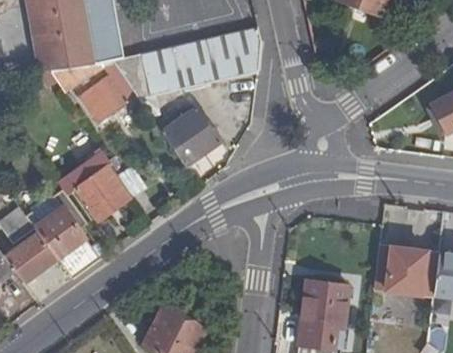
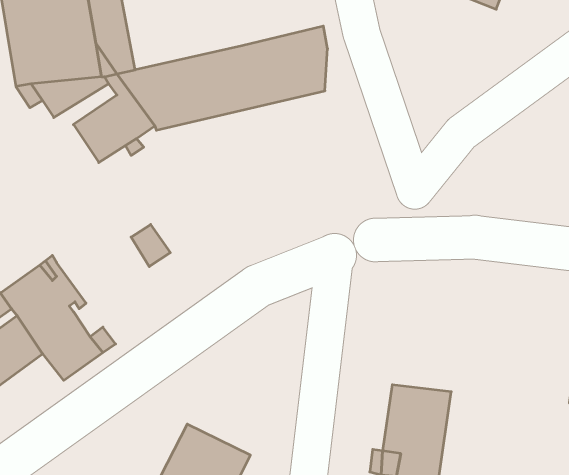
building: [161,108,220,168] -> none
building: [59,153,131,221] -> none
building: [385,248,425,295] -> none

